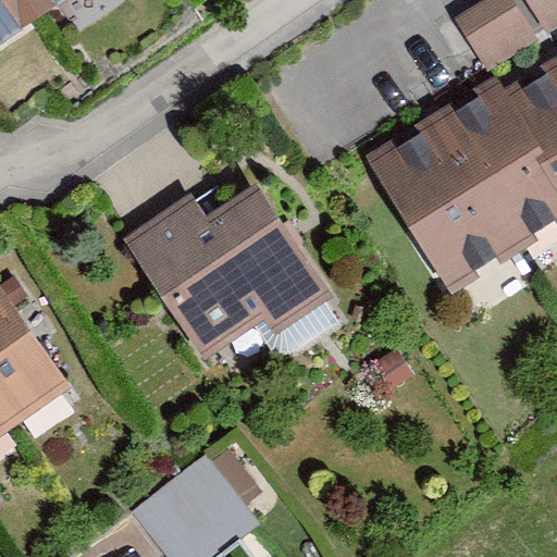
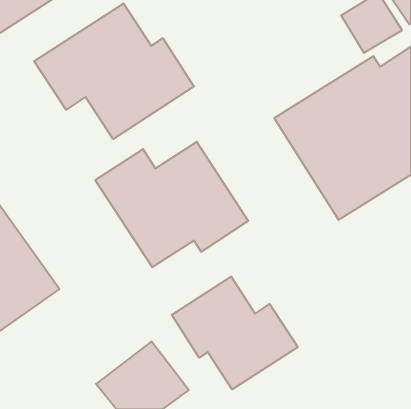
building: none -> [34,3,194,139]
building: none -> [172,276,298,389]

